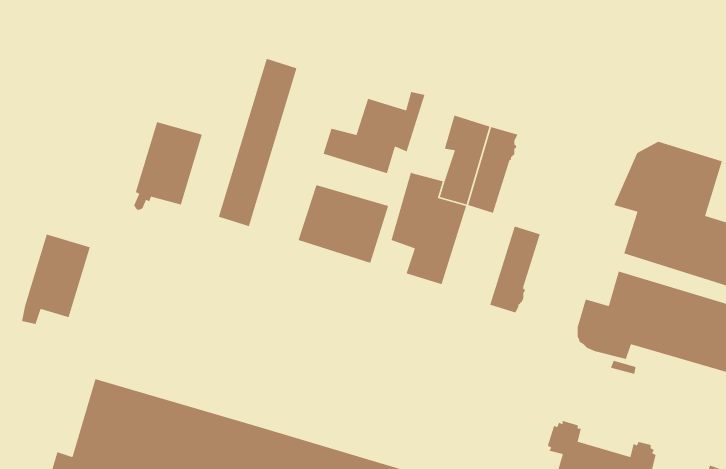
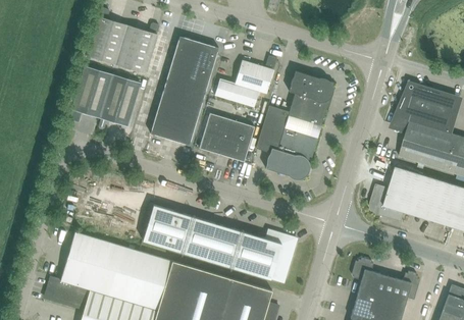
building: none -> [87,9,159,74]
building: none -> [169,43,218,147]
building: [489,225,541,313] -> [288,127,319,181]
building: [21,233,91,325] -> [69,67,112,123]
building: none -> [143,206,297,282]

